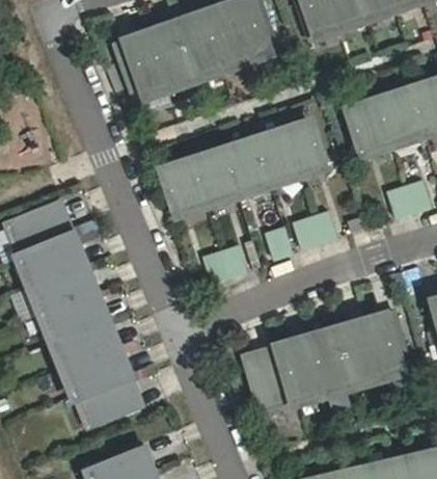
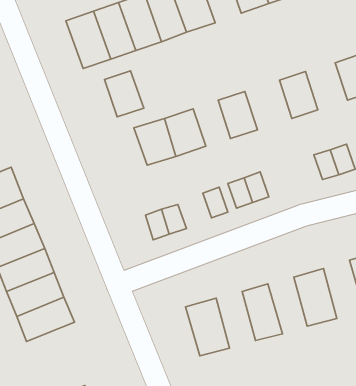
building: [377,91,422,142] -> none
building: [255,132,296,182] -> none
building: [163,162,206,212] -> [105,71,144,117]
building: [336,324,379,385] -> none
building: [280,340,323,401] -> none
building: [75,373,140,429] -> none

